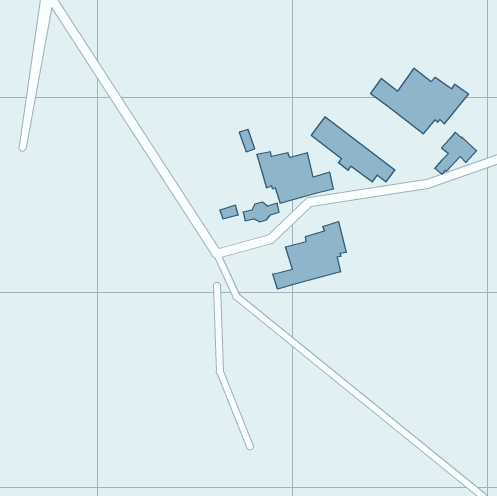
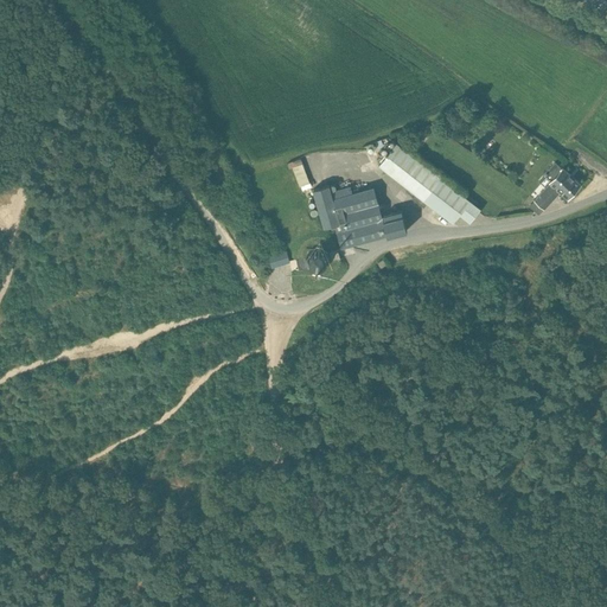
building: [371,68,468,134] -> none
building: [273,222,346,289] -> none

